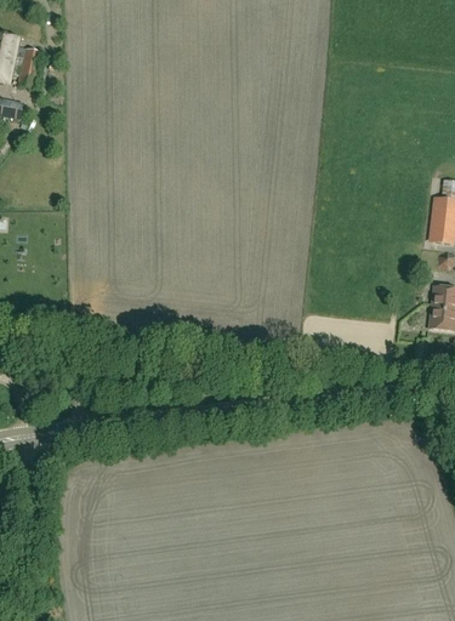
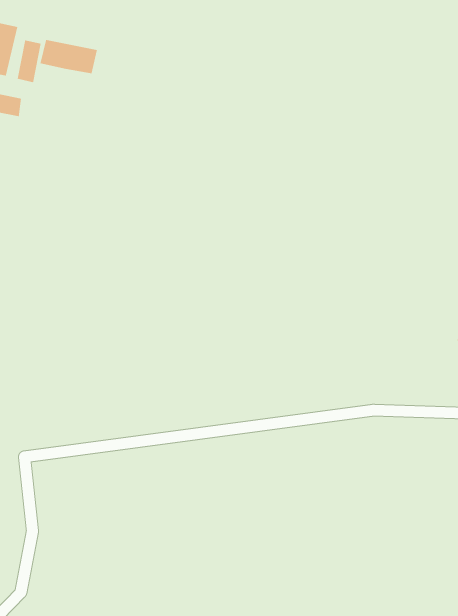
building: none -> [40,39,98,74]

